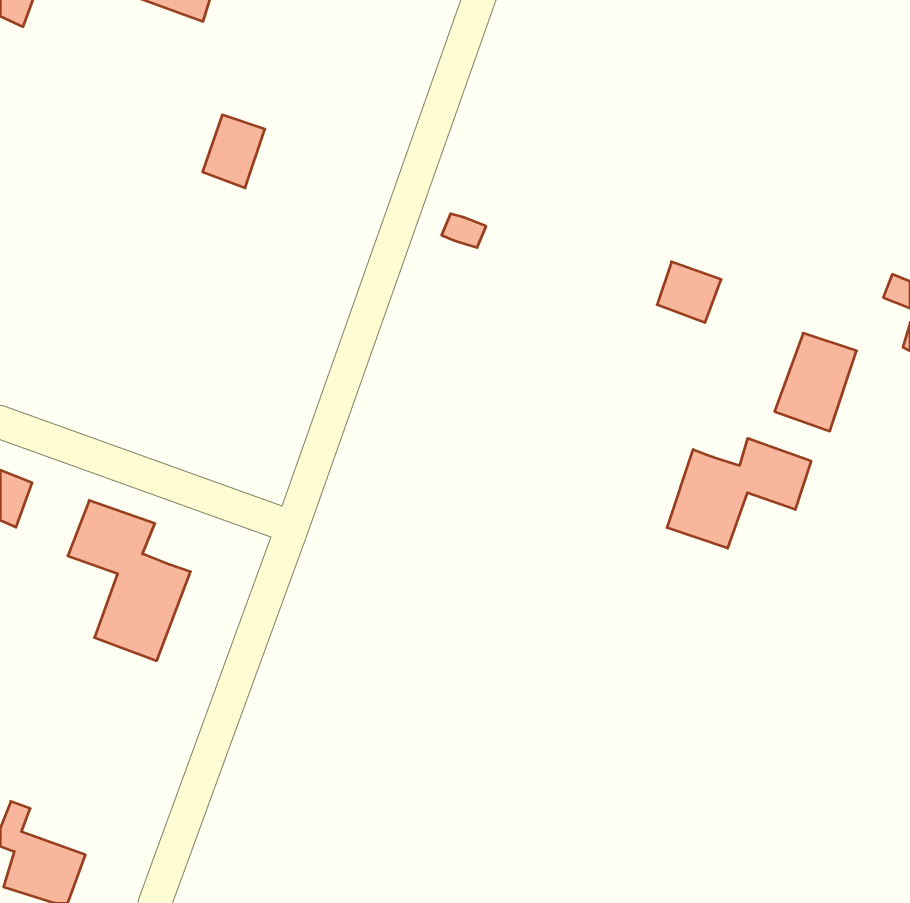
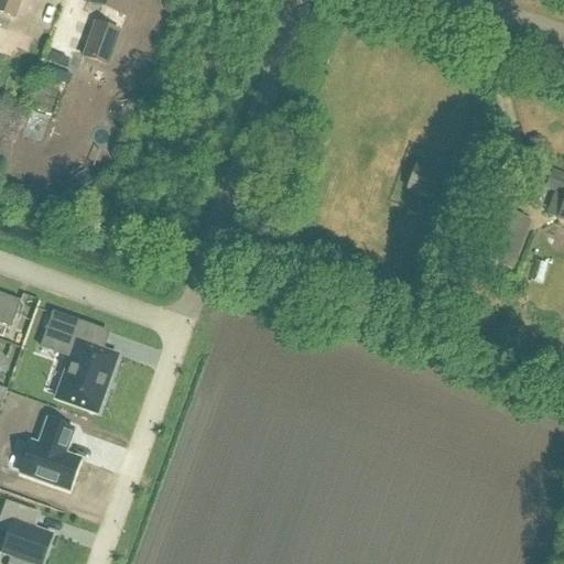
building: [203,115,265,188] -> [82,19,120,64]
building: [667,438,811,548] -> none
building: none -> [22,419,80,489]

